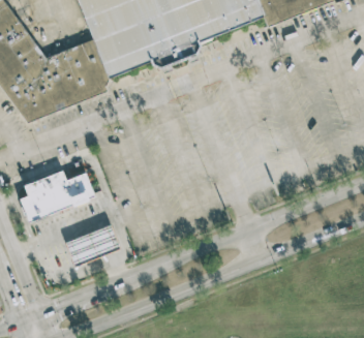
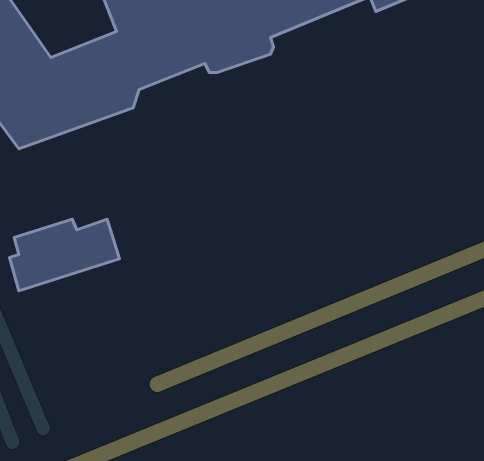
building: [64,221,120,263] -> none

